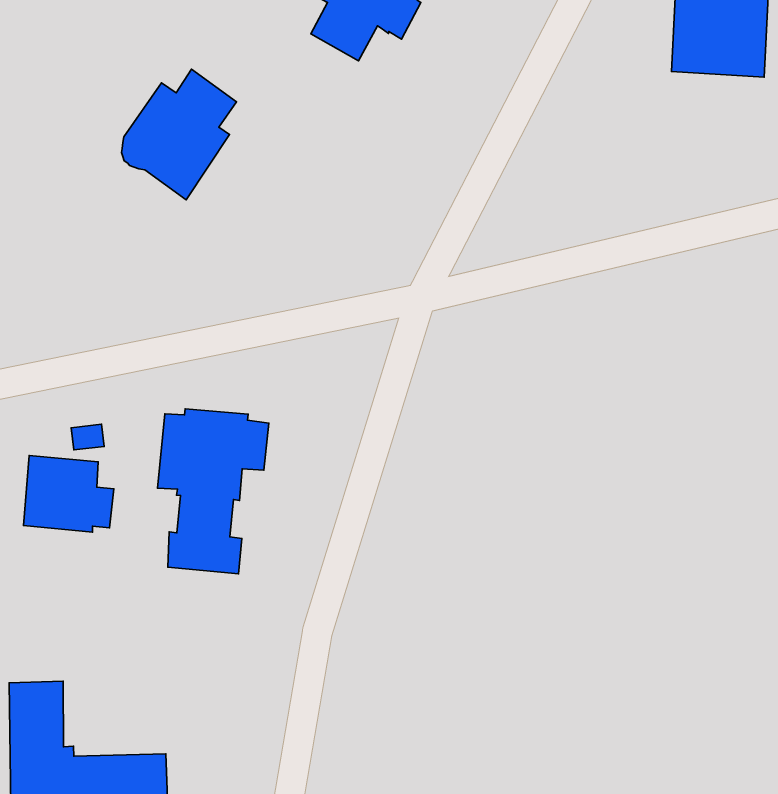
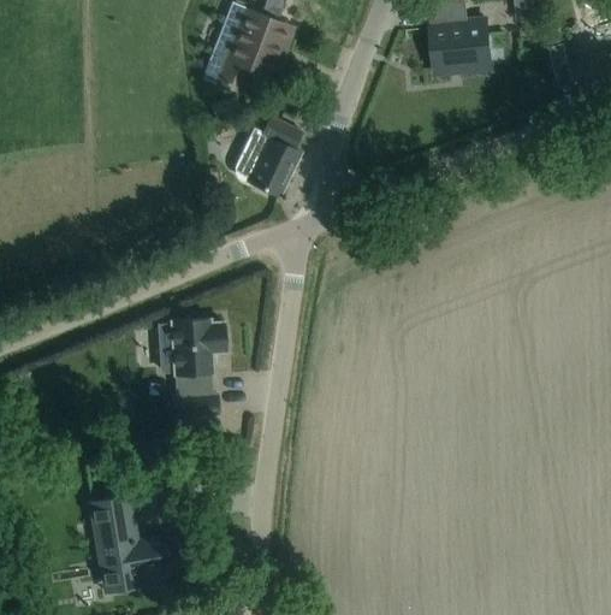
building: [121,69,236,200] -> [236,116,301,195]
building: [23,455,114,532] -> none

